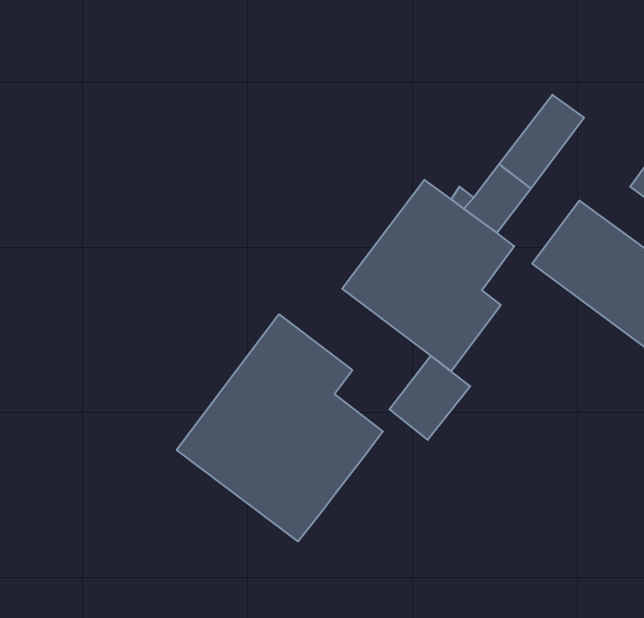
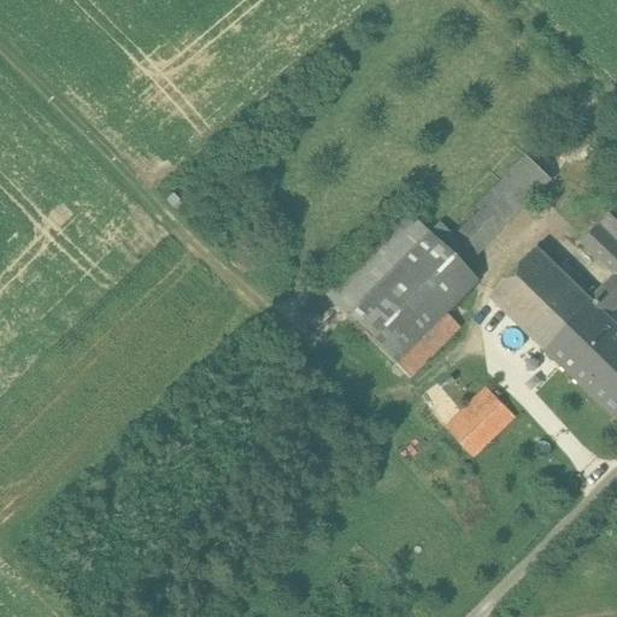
building: [177,314,383,541] -> none
building: [389,356,470,440] -> [446,386,517,457]

